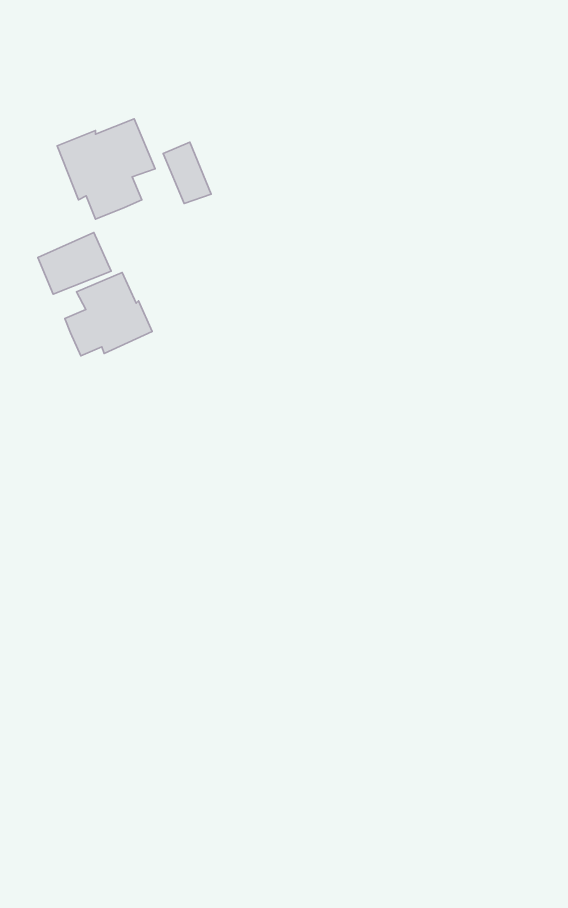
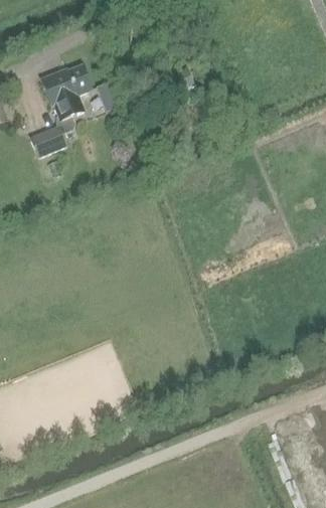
building: [65,272,152,356] -> none

